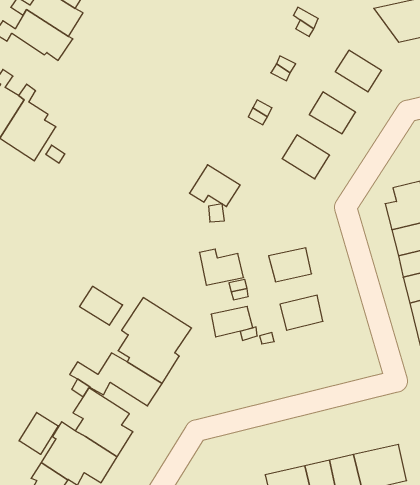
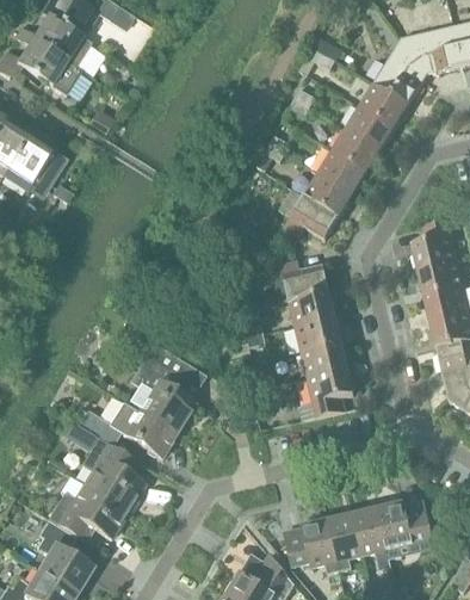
building: none -> [372,39,425,105]
building: none -> [345,106,392,149]
building: none -> [317,151,365,194]
building: [189,165,240,207] -> [283,198,336,242]
building: [199,249,244,285] -> [280,262,327,301]
building: [80,286,123,325] -> none
building: [211,306,253,337] -> [295,320,339,352]
building: none -> [307,370,351,419]
building: [19,412,58,454] -> none

